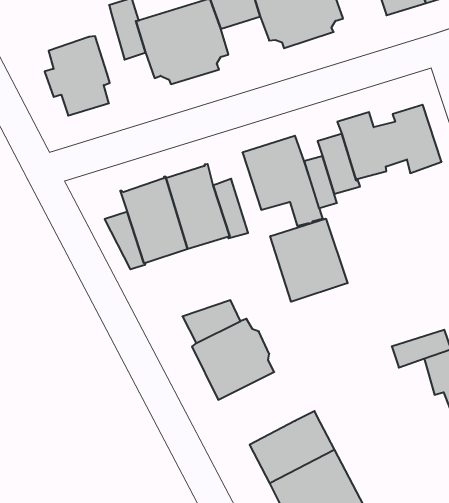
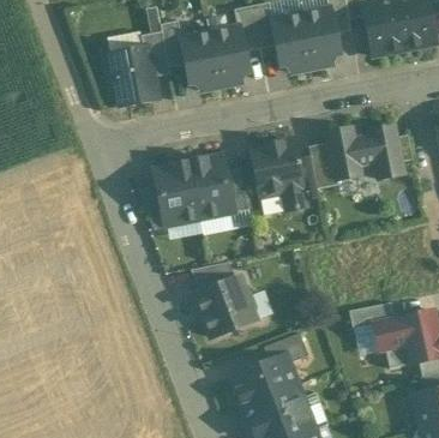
building: none -> [143,30,172,76]
building: [270,219,348,302] -> none
building: none -> [265,331,309,362]

